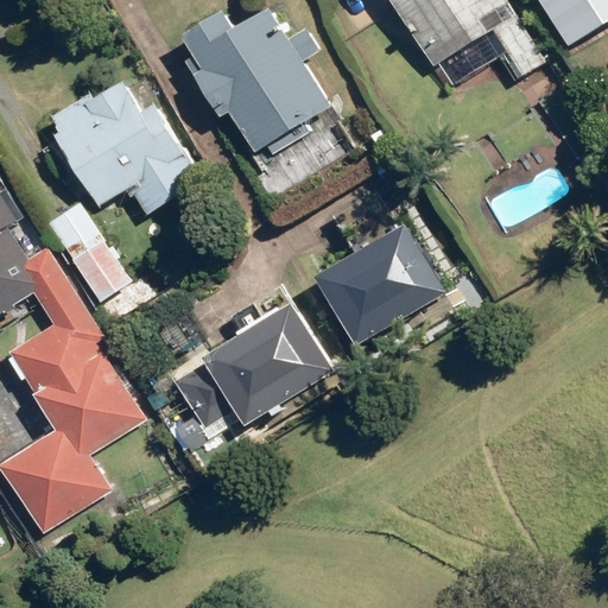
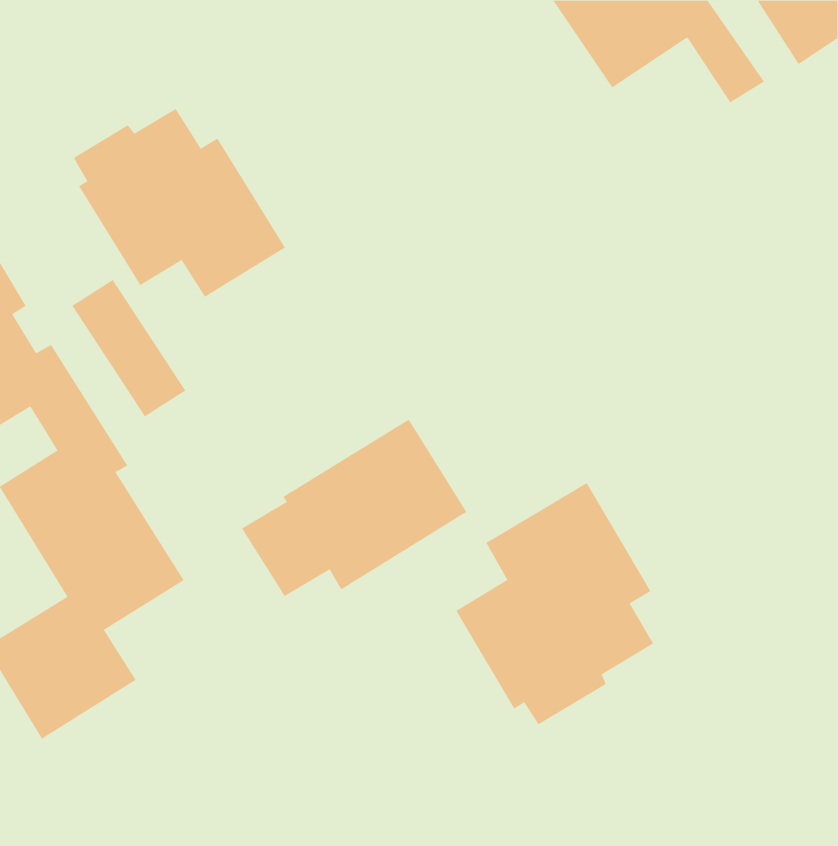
building: [183,8,329,152] -> none
building: [316,222,446,346] -> none
building: none -> [455,482,654,725]

